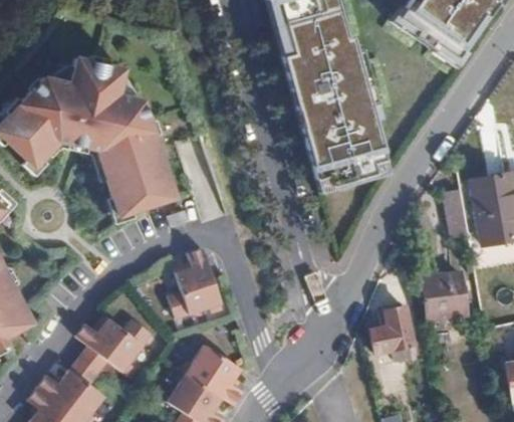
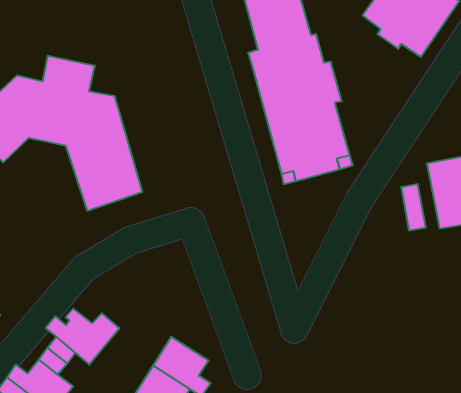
building: [169,248,223,320] -> none
building: [427,268,471,318] -> none
building: [372,308,414,354] -> none

